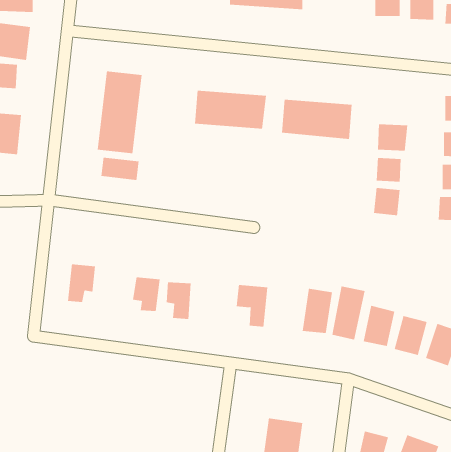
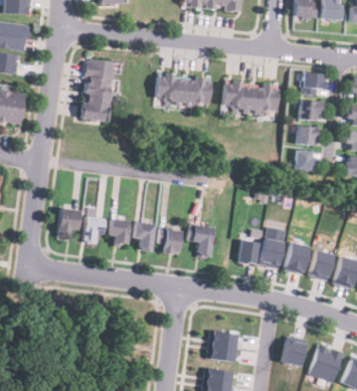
building: none -> [302,72,326,94]
building: [101,157,139,181] -> none
building: none -> [82,216,105,244]
building: none -> [160,229,182,255]

